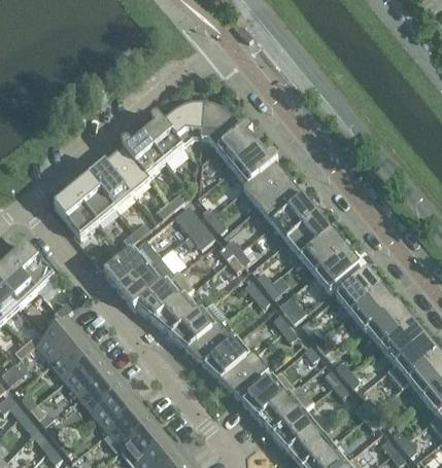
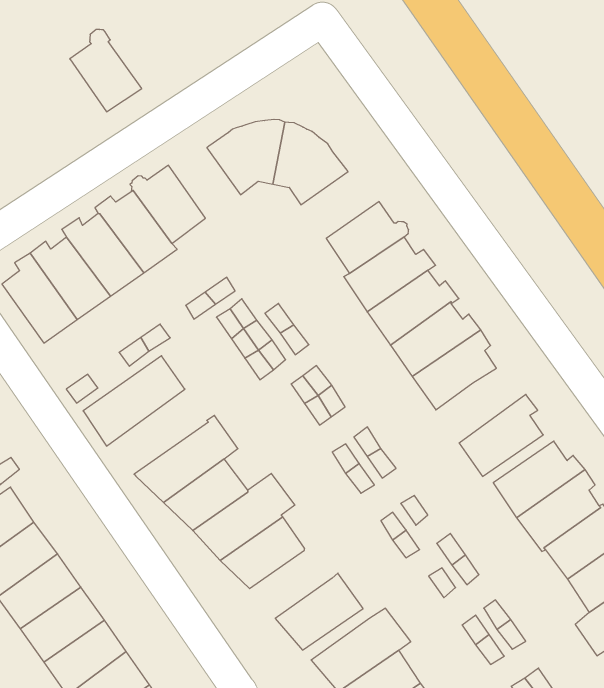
building: [141,116,182,161] -> [70,29,142,112]
building: [216,125,260,168] -> none
building: [300,232,349,276] -> none
building: [118,257,174,310] -> none
building: [204,338,249,381] -> none

